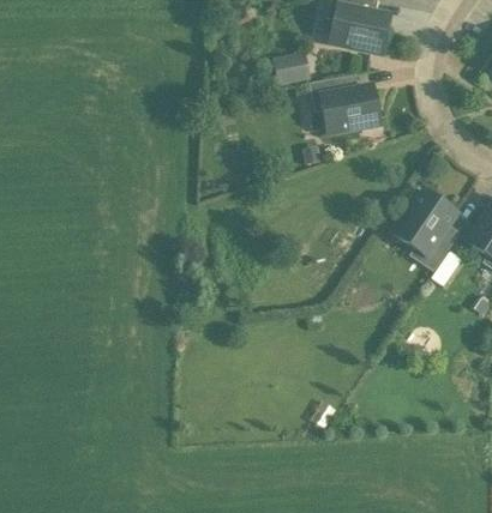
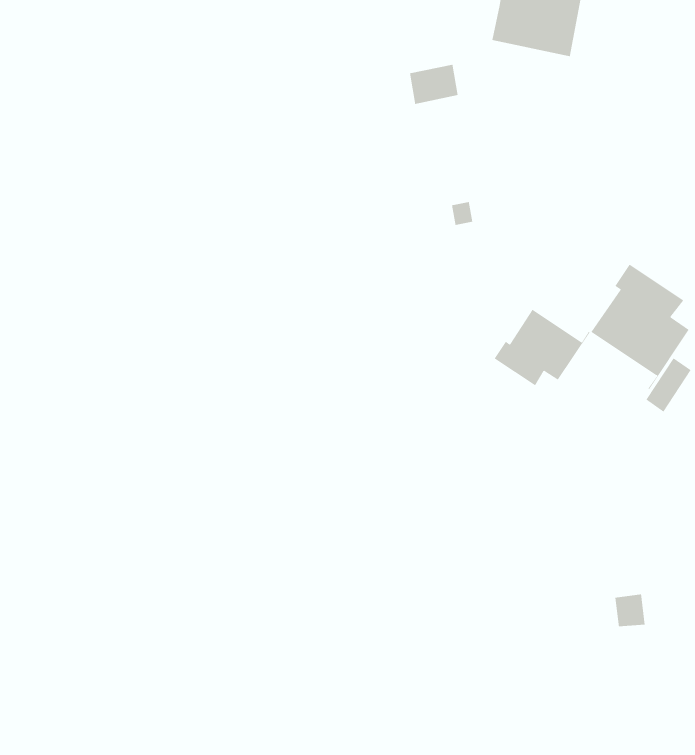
building: [308,73,380,133] -> none
building: none -> [494,309,591,386]

